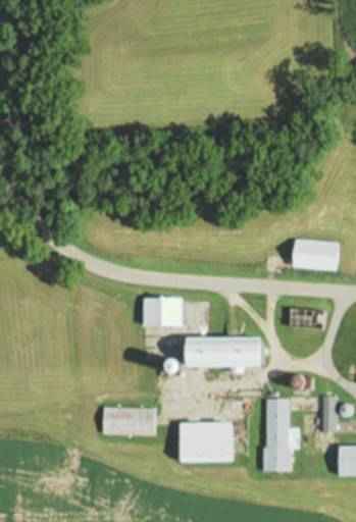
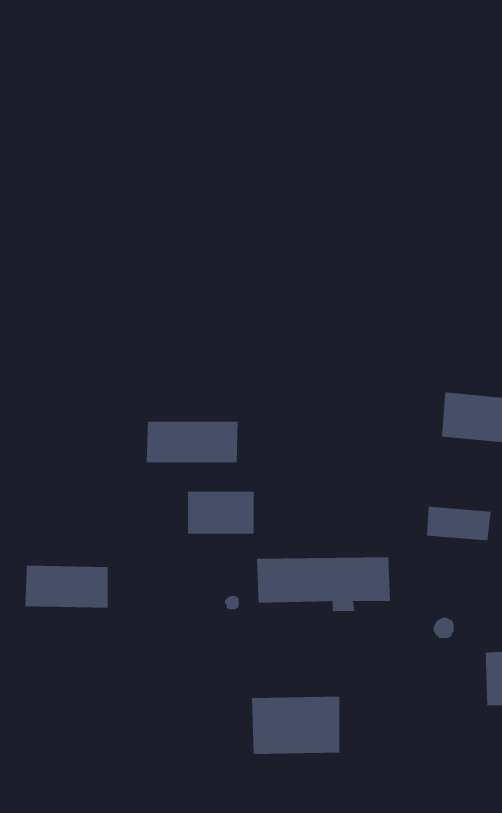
building: none -> [146,421,239,463]
building: [261,399,293,471] -> none
building: [105,408,156,434] -> [24,565,109,609]

